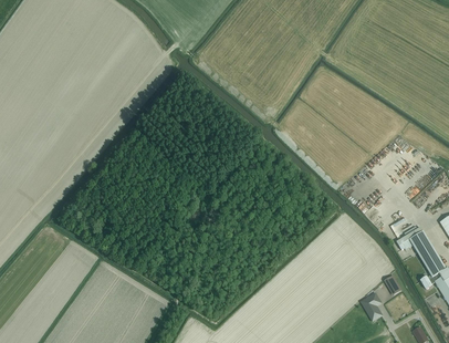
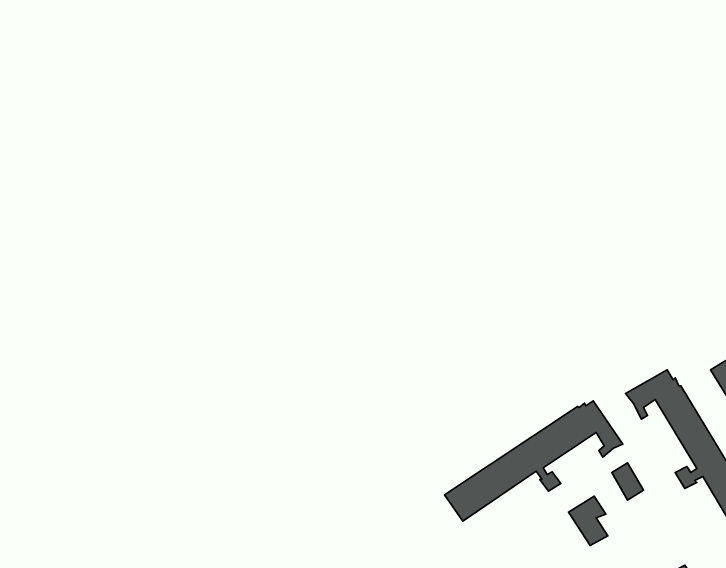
building: none -> [444,401,623,521]

